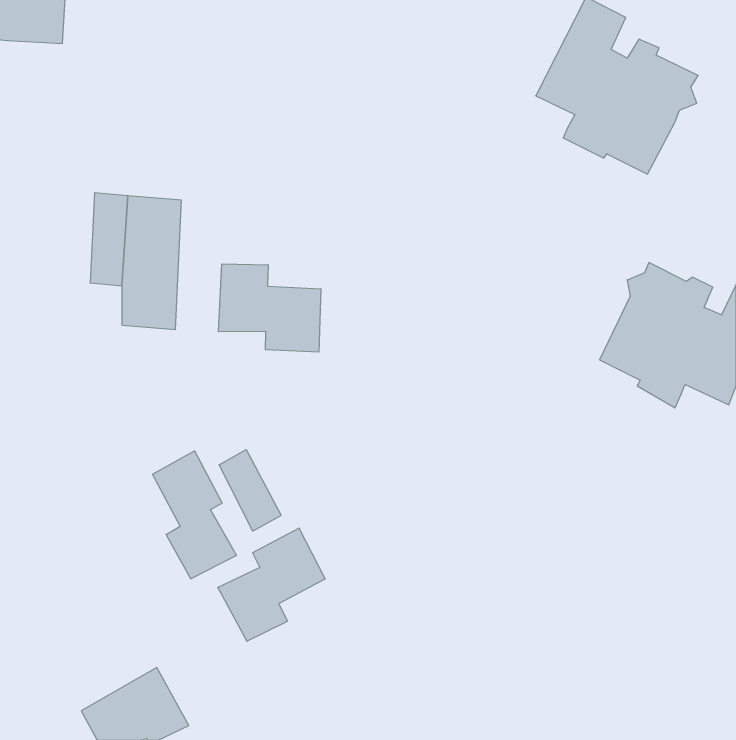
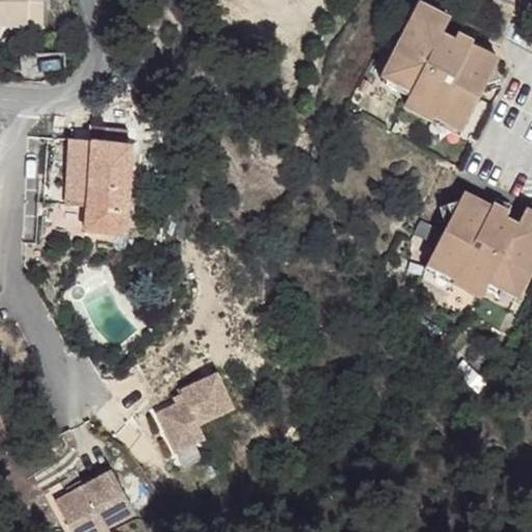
building: [218,264,321,352] -> none
building: [219,450,281,531] -> none
building: [153,451,236,579] -> none

